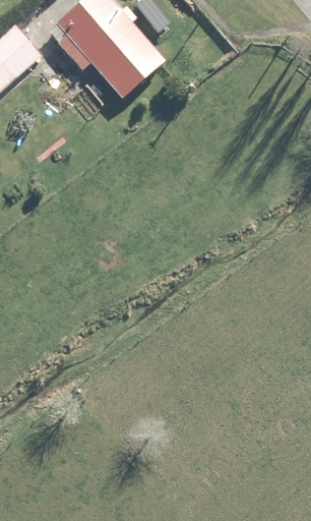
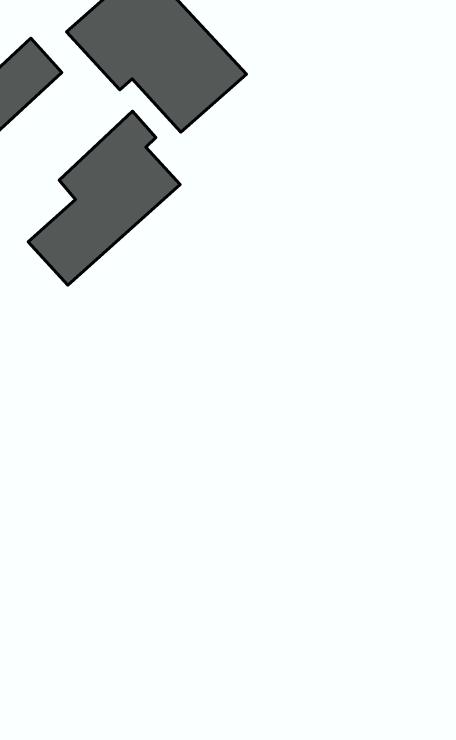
building: none -> [28,111,180,285]

